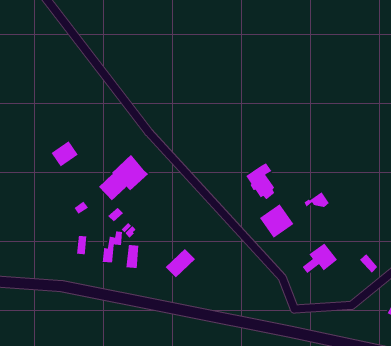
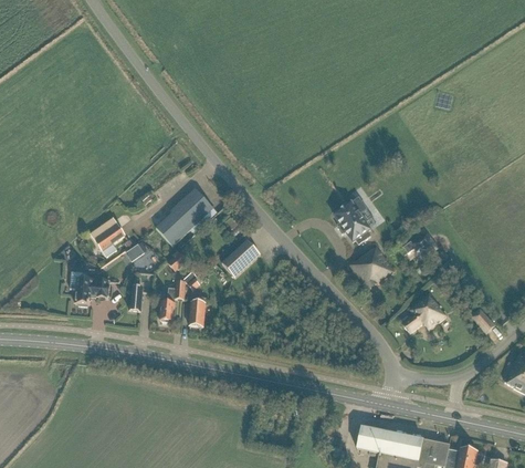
building: [51,140,79,167] -> [91,217,125,250]
building: none -> [71,270,111,305]
building: [165,248,196,278] -> [222,240,260,277]

